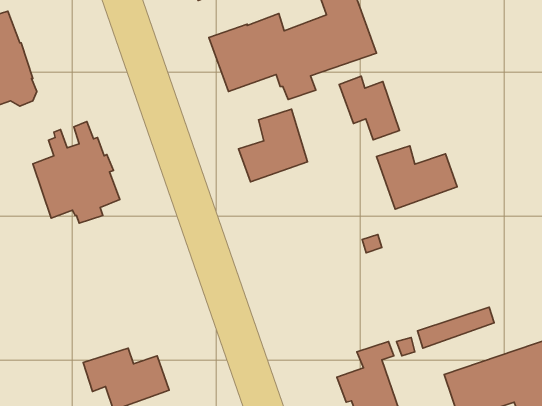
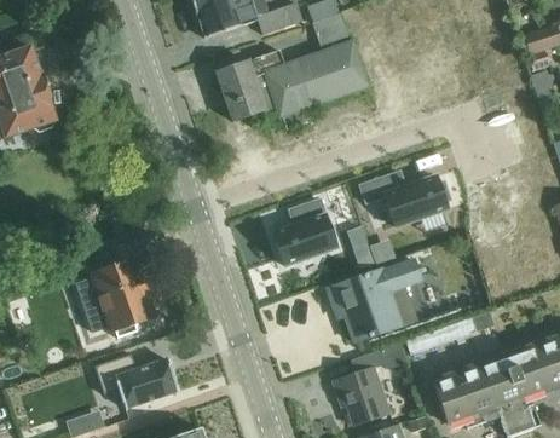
building: [339,76,400,140] -> none
building: [239,109,307,182] -> [270,198,333,265]
building: [33,122,120,223] -> [75,244,155,338]
building: none -> [327,258,421,341]

